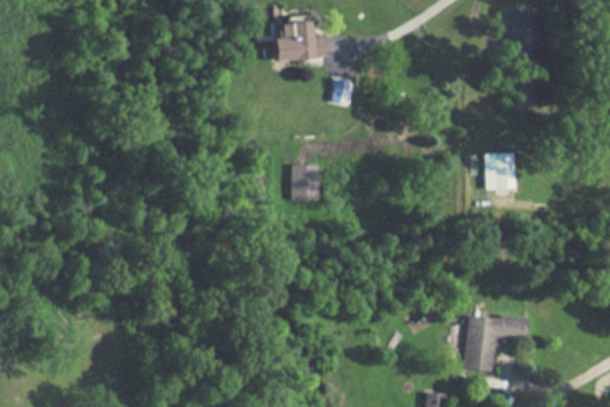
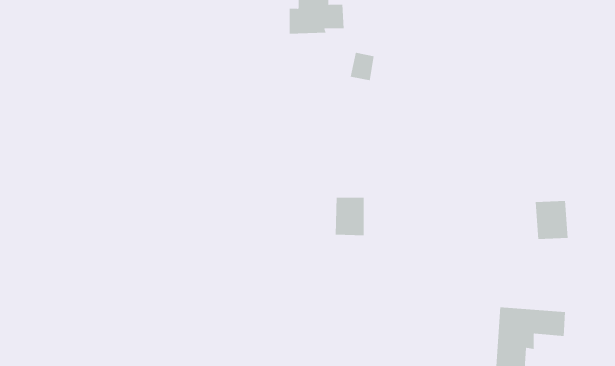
building: [484,154,515,190] -> [535,201,569,240]
building: [291,166,319,202] -> [335,197,365,236]

